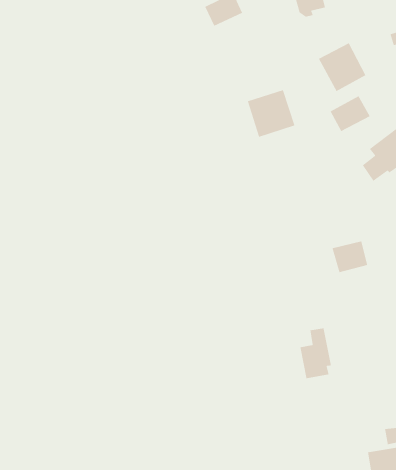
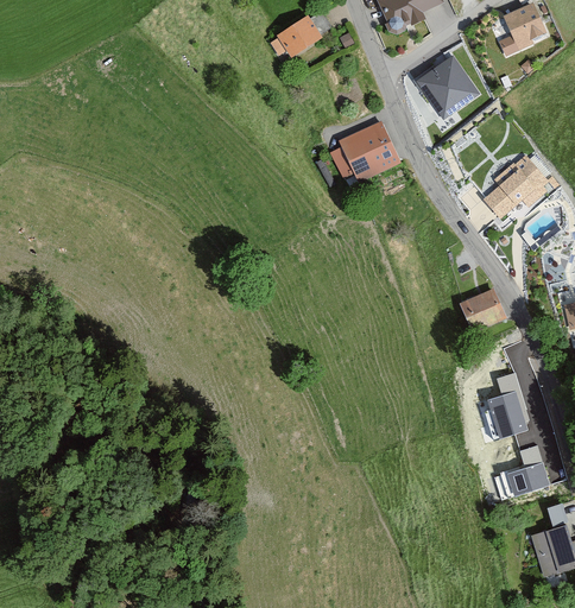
building: [329,95,371,132] -> none
building: [299,328,332,379] -> [487,376,527,439]
building: none -> [507,449,548,496]

